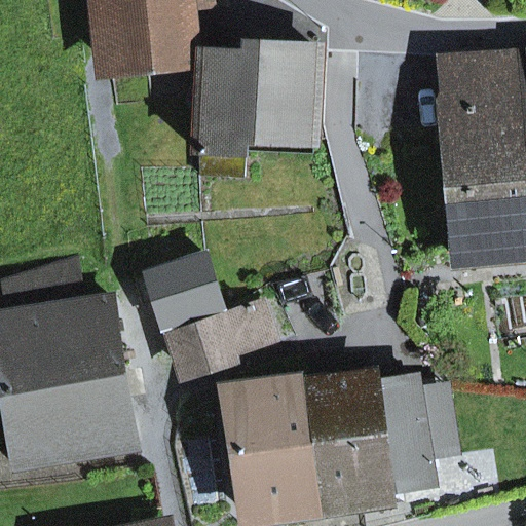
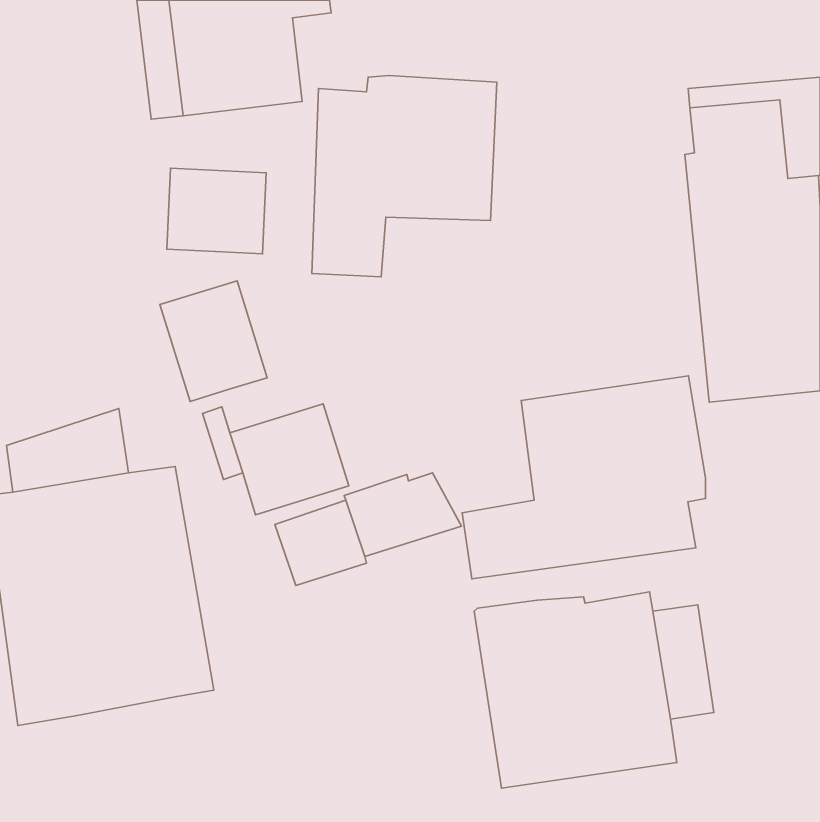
building: none -> [167,168,266,254]
building: none -> [160,281,267,401]
building: none -> [462,376,706,579]
building: [227,378,321,513] -> none

